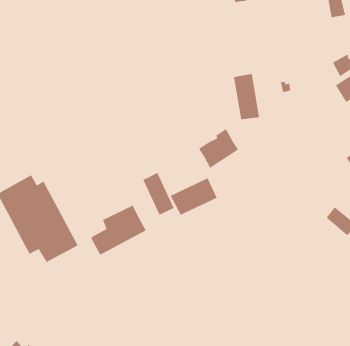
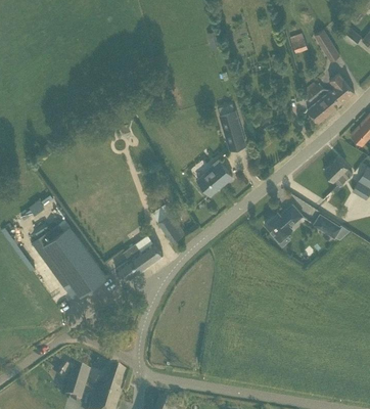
building: [170,177,218,215] -> none
building: none -> [265,202,303,238]

